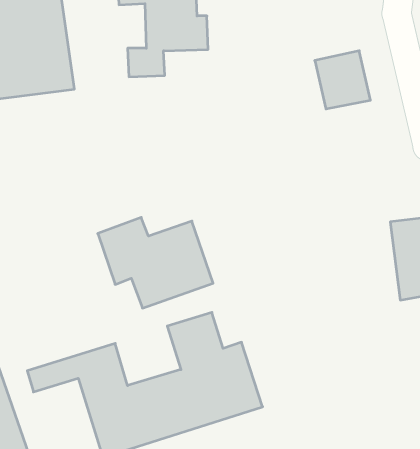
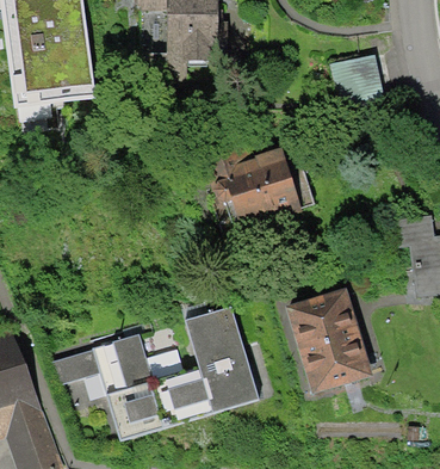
building: [98,217,213,308] -> [203,143,314,230]
building: none -> [284,290,372,395]

